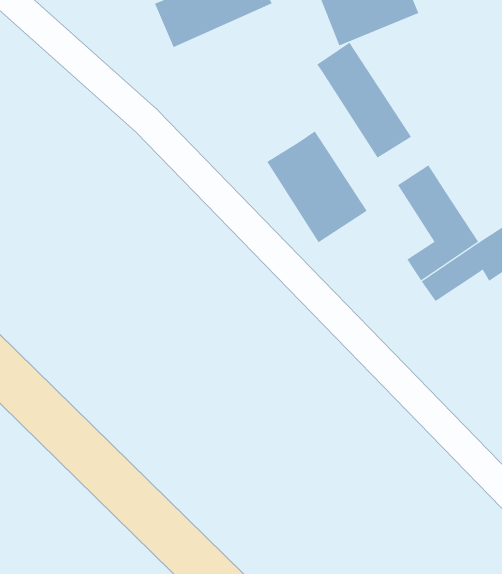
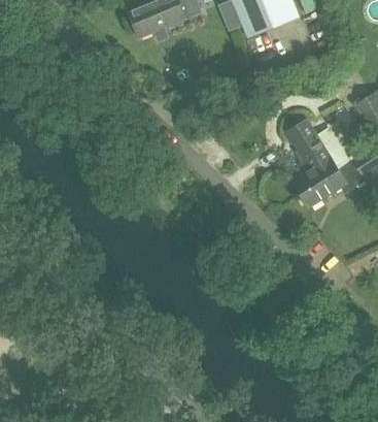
building: [316,42,412,159] -> none
building: [267,131,368,243] -> none

